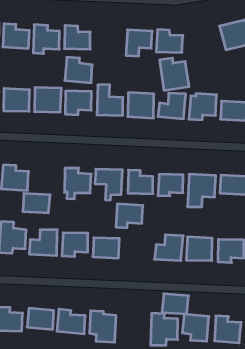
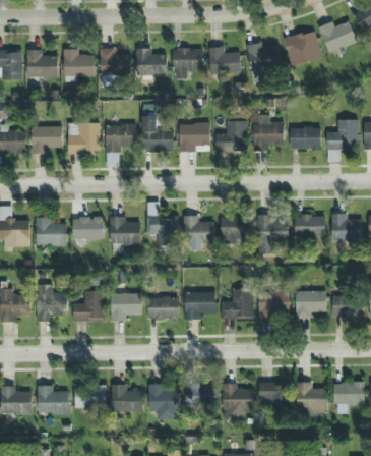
building: [65,57,92,83] -> [135,48,167,76]
building: [160,58,189,90] -> [246,42,283,80]
building: [23,193,50,213] -> [72,217,104,238]
building: [116,204,143,228] -> [184,291,214,319]
building: [162,294,189,314] -> [185,384,215,406]

